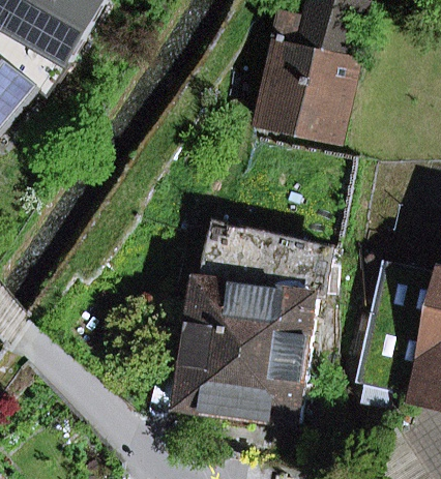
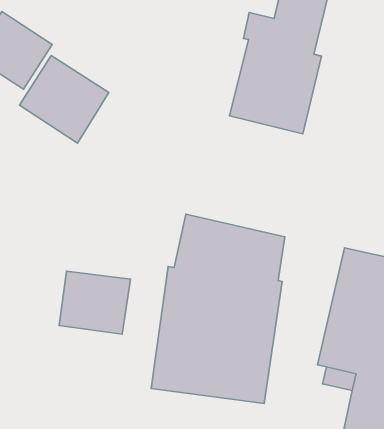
building: none -> [19,56,109,143]
building: none -> [59,271,130,334]

